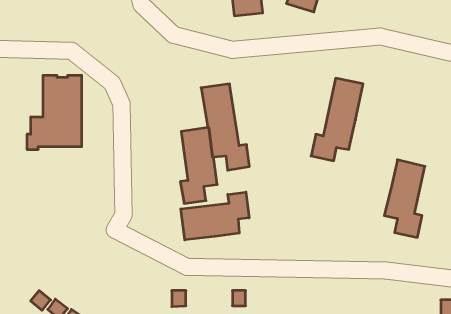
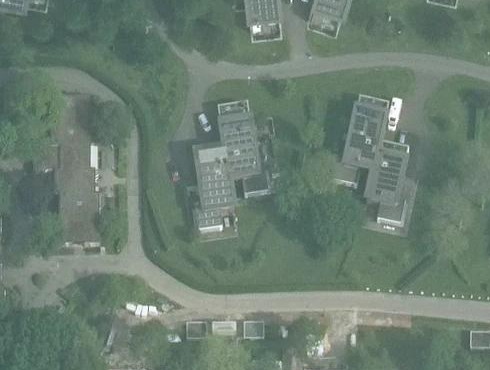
building: none -> [54,171,98,245]
building: [384,160,425,237] -> [365,143,408,225]
building: [181,192,249,240] -> none

